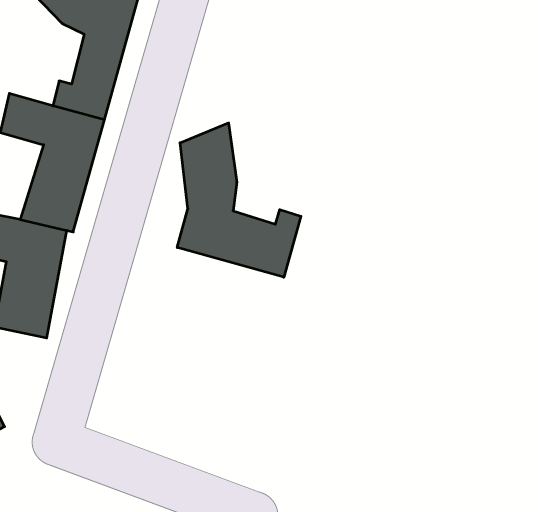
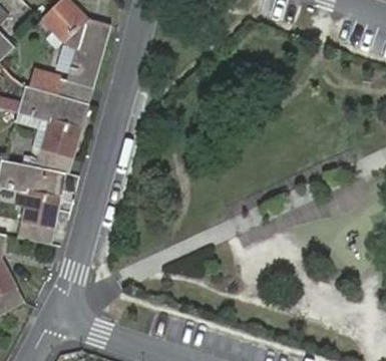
building: [177,123,301,277] -> none

